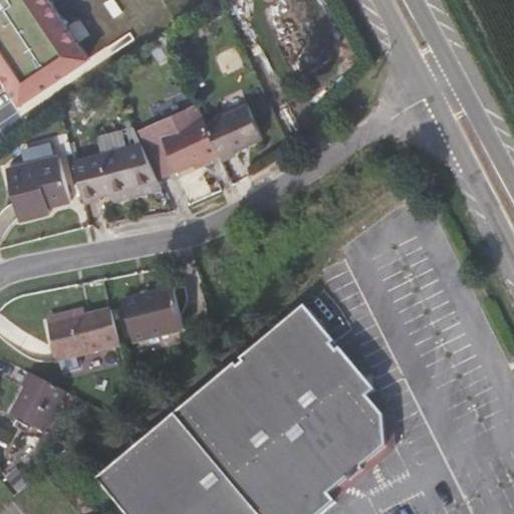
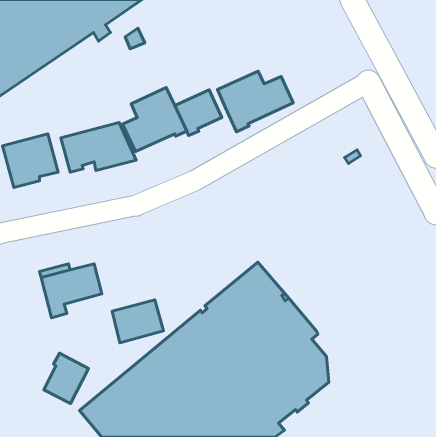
building: none -> [217,71,293,132]
building: [121,288,182,338] -> [112,300,163,343]
building: [11,373,63,433] -> [44,353,88,404]

